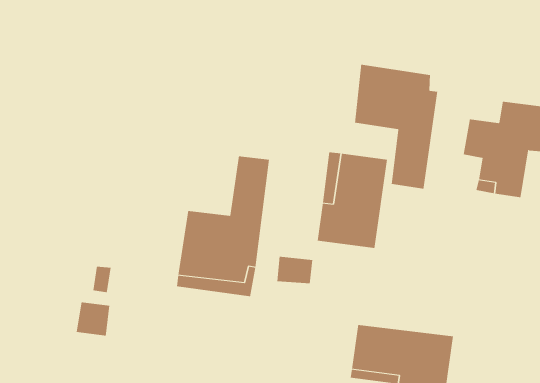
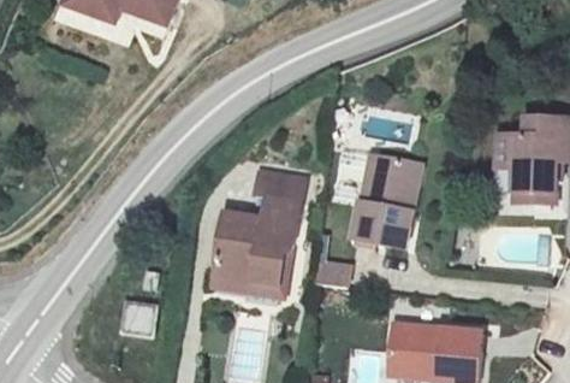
building: [354,64,438,189] -> none

